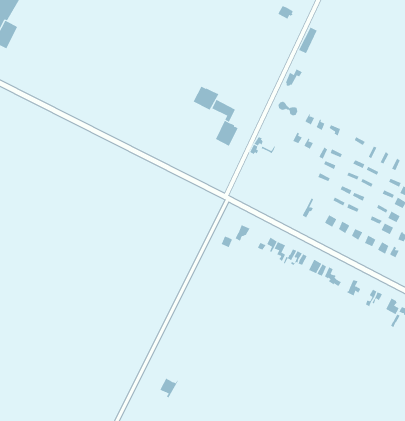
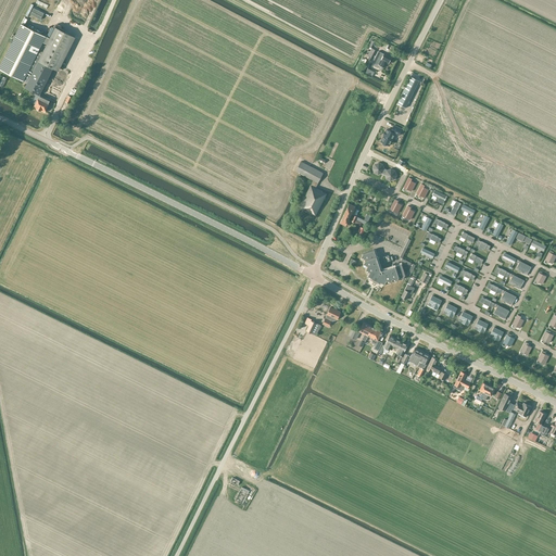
building: [193,86,219,110] -> none
building: none -> [361,250,406,286]

